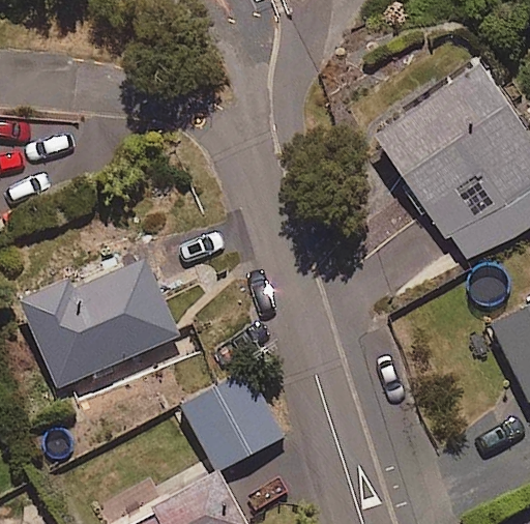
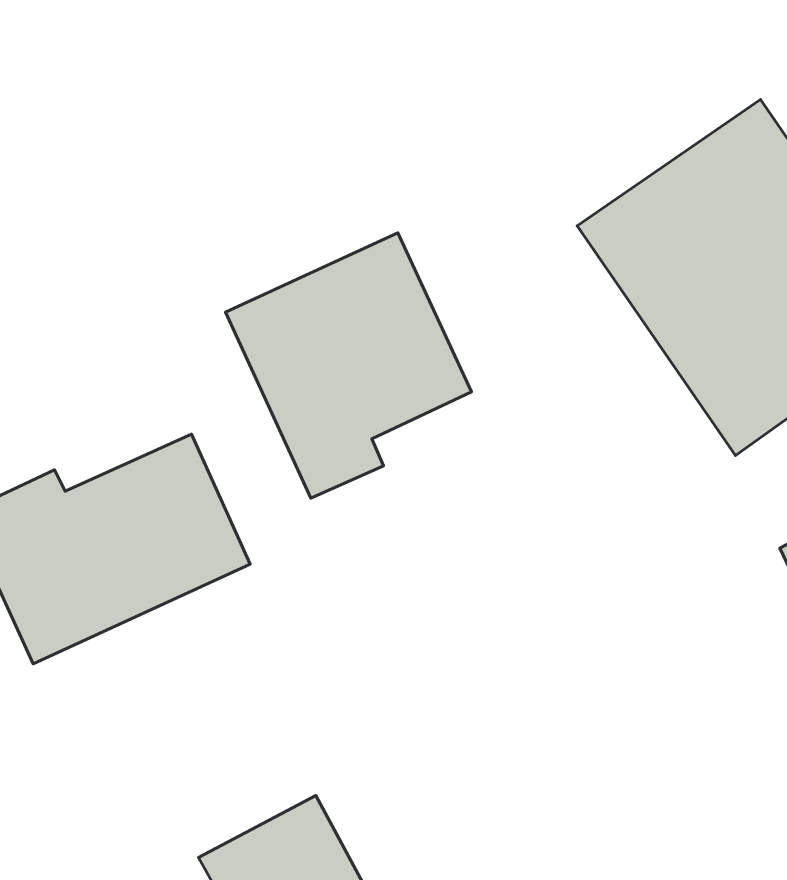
building: none -> [225,233,472,498]
building: [182,363,286,468] -> none

